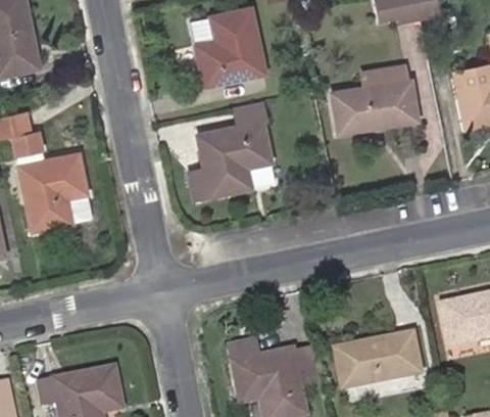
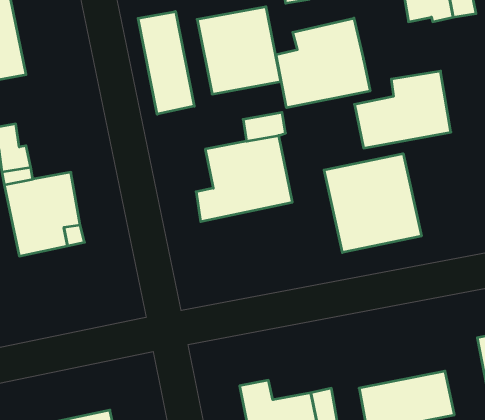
building: none -> [138,11,194,114]
building: none -> [276,18,370,108]
building: none -> [324,154,421,253]

